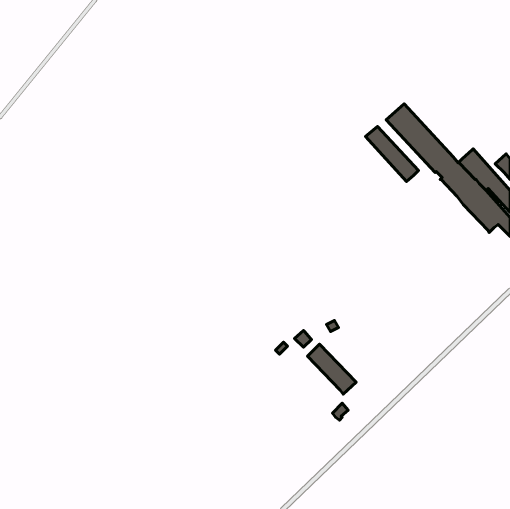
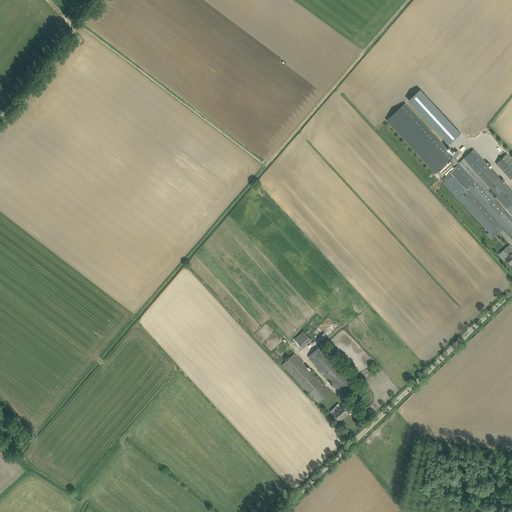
building: [366,127,418,181] -> [408,90,461,145]
building: none -> [283,355,330,404]

